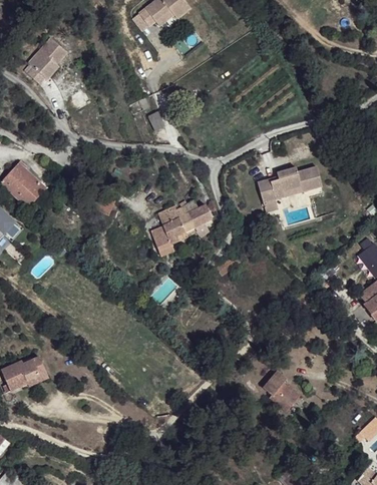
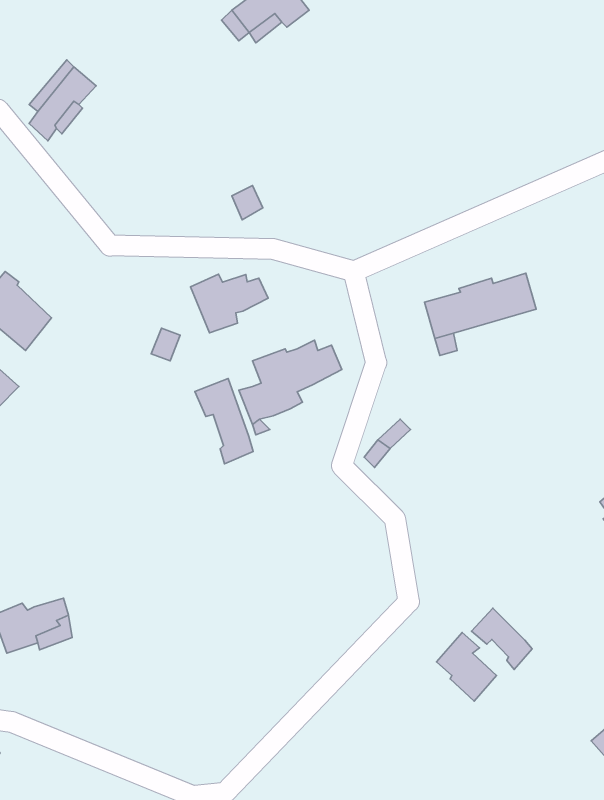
building: none -> [191,274,268,333]
building: none -> [195,378,253,464]
building: none -> [472,608,532,669]

